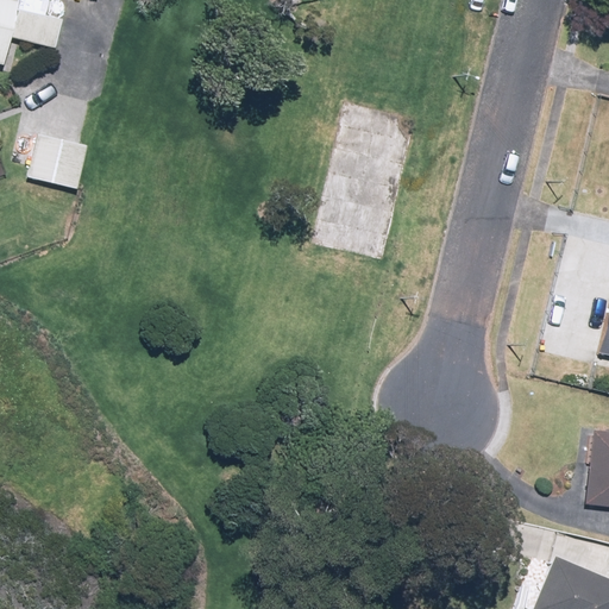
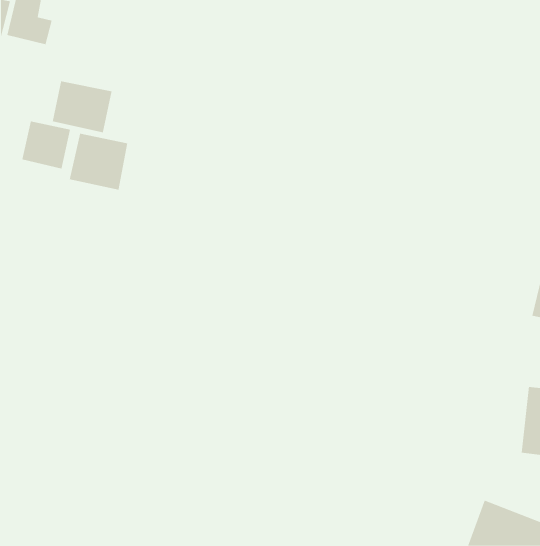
building: none -> [52,80,112,133]
building: none -> [69,133,128,191]

